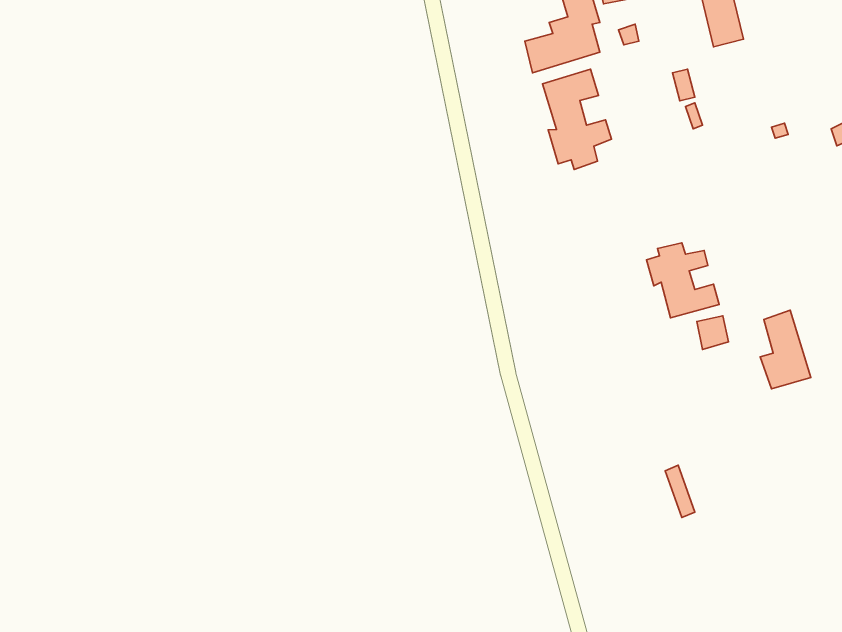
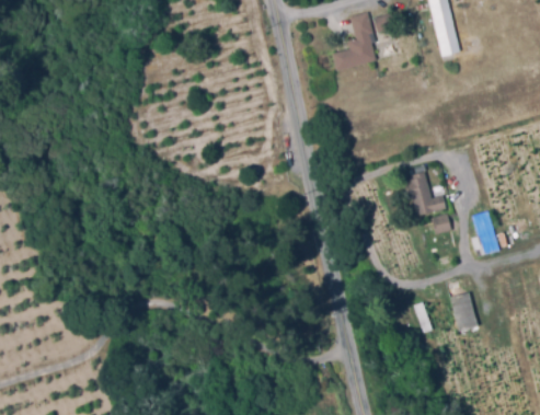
building: [543,69,611,169] -> none
building: none -> [445,280,479,331]

